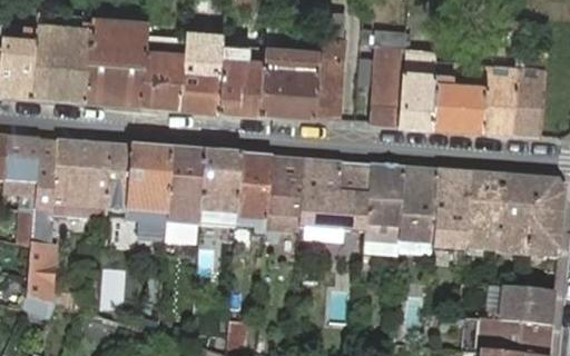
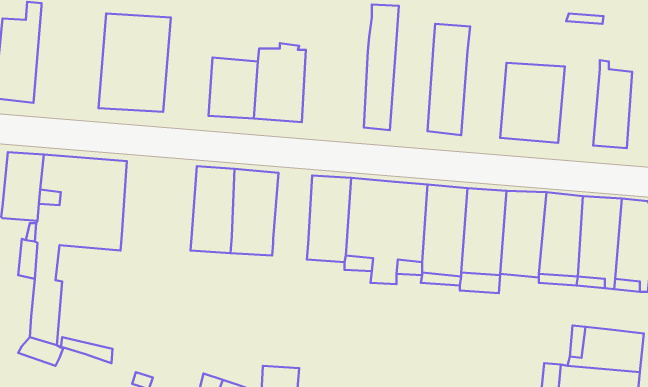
building: [31,12,94,100] -> none
building: [262,22,318,117] -> none
building: [142,37,187,107] -> none
building: [399,51,438,126] -> none
building: [482,65,518,132] -> none
building: [107,146,171,223] -> none
building: [236,156,271,237] -> none

